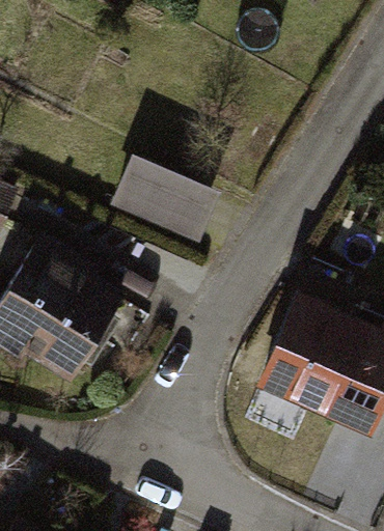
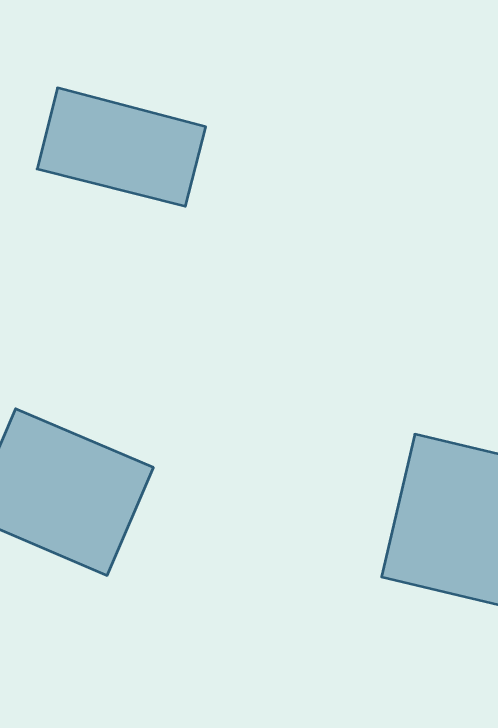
building: [111,153,220,239] -> [37,88,206,206]

